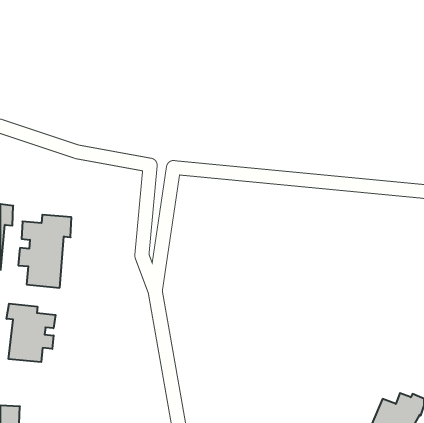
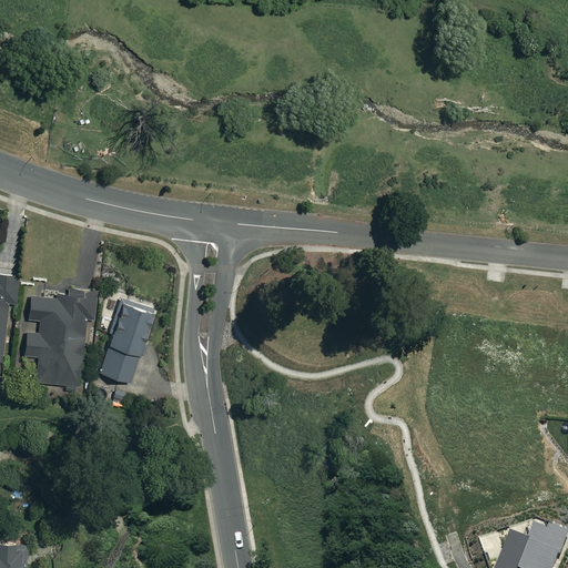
building: none -> [100,301,154,383]
building: [7,304,56,362] -> none

